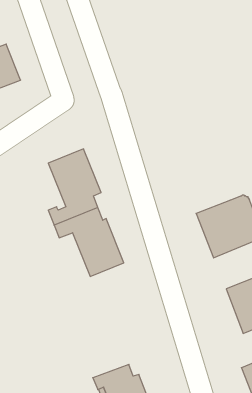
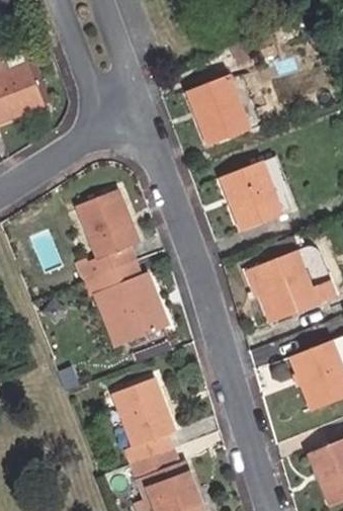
building: none -> [186,75,252,145]
building: none -> [220,161,282,230]
building: none -> [112,376,174,464]

